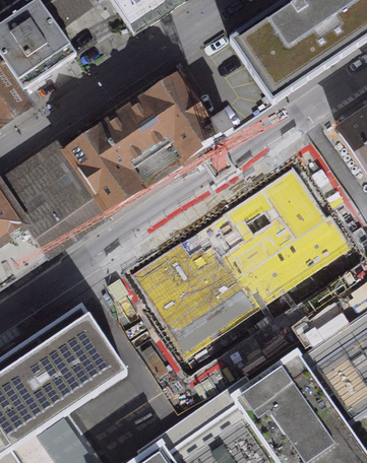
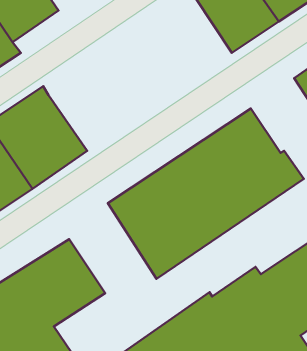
building: [63,76,232,215] -> none

